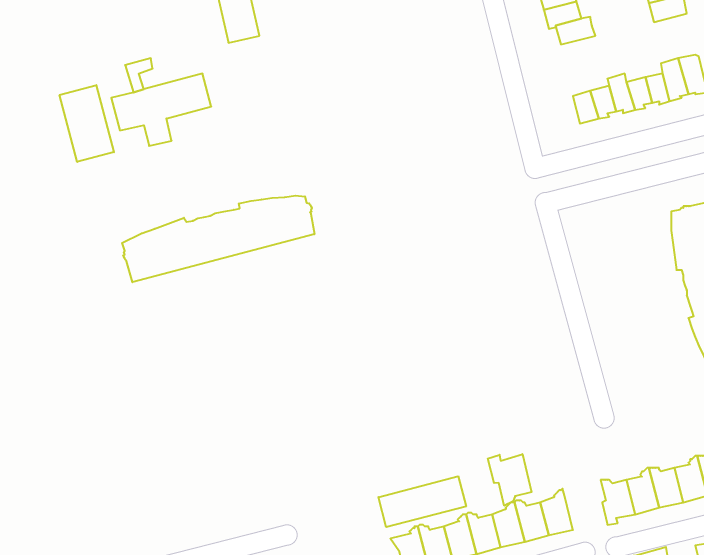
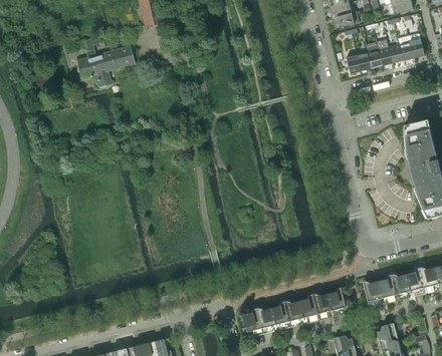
building: [60,85,114,162] -> none
building: [122,196,314,282] -> none
building: [488,454,532,506] -> none
building: [378,476,466,527] -> none

